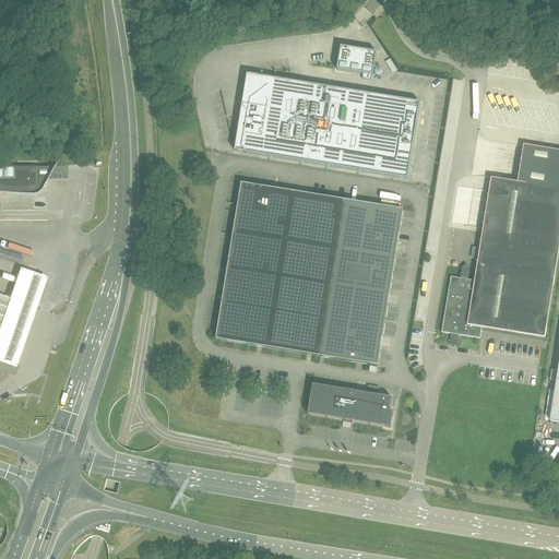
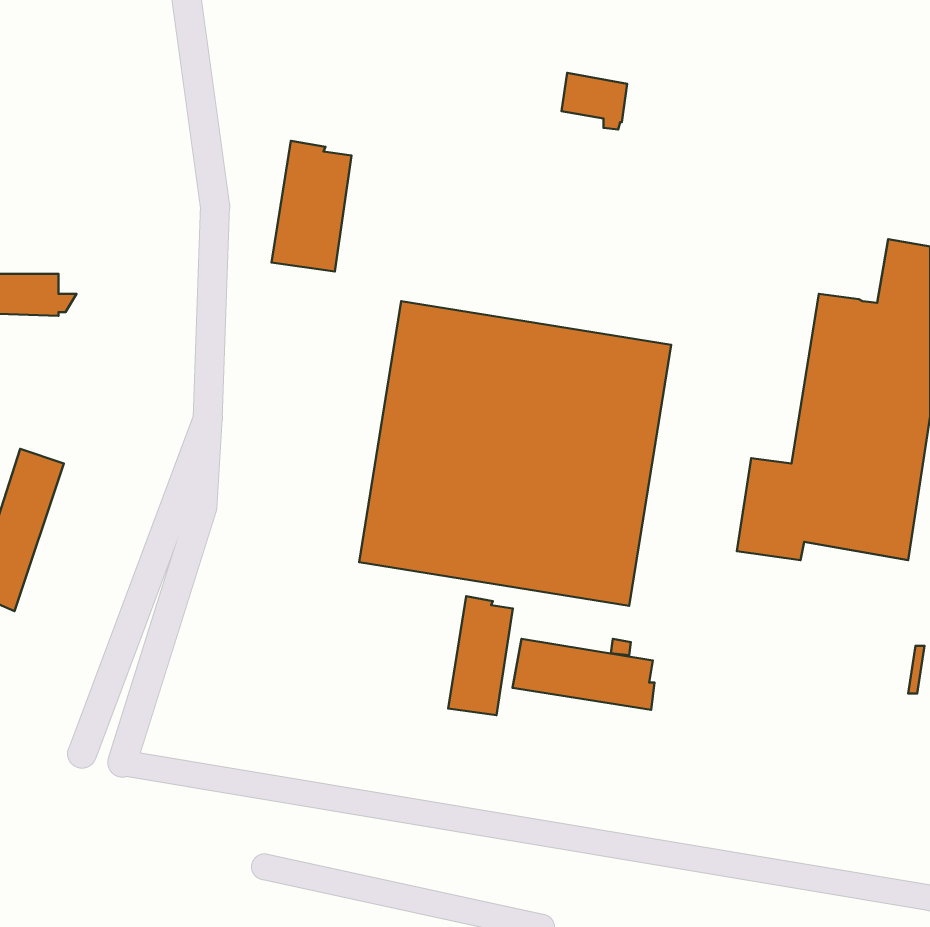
building: [234,72,419,177] -> none
building: none -> [272,141,352,271]
building: none -> [448,596,513,715]

